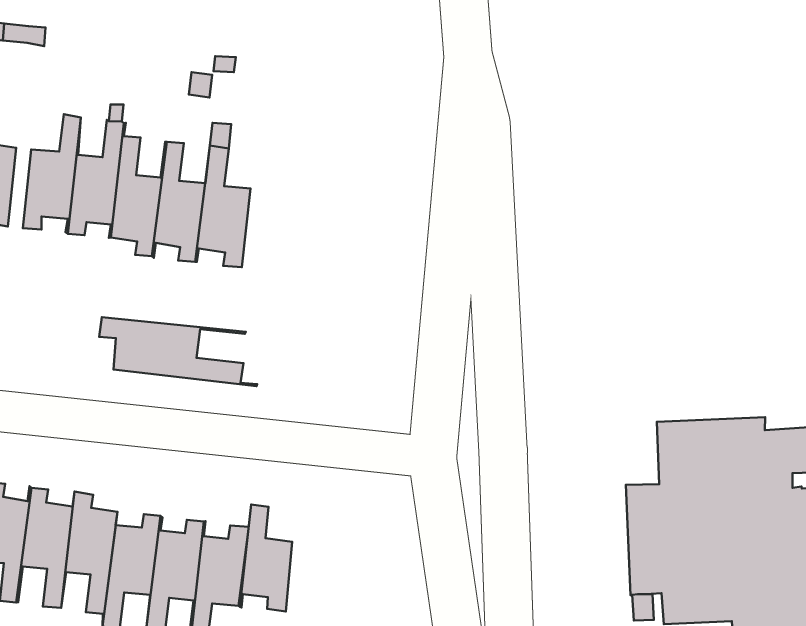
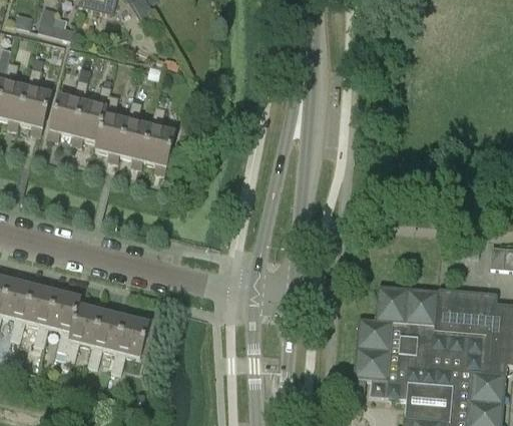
building: [99,317,257,386] -> none
building: [240,504,292,612] -> none

